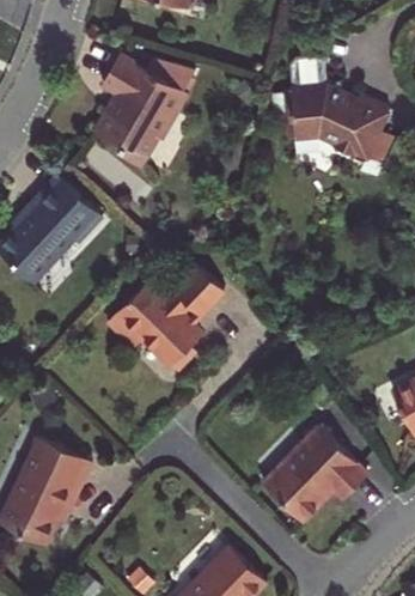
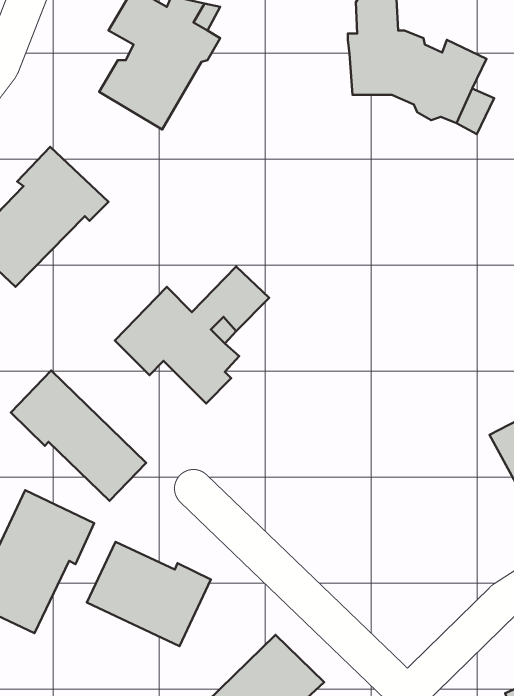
building: none -> [11,370,146,501]
building: [264,426,370,523] -> none
building: none -> [87,542,211,646]

